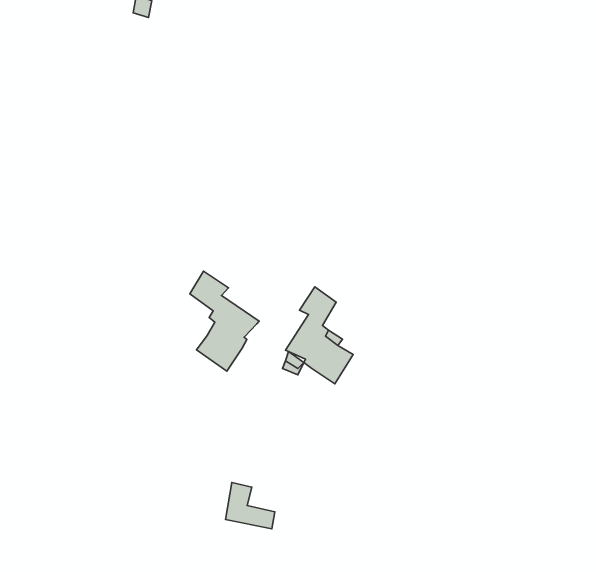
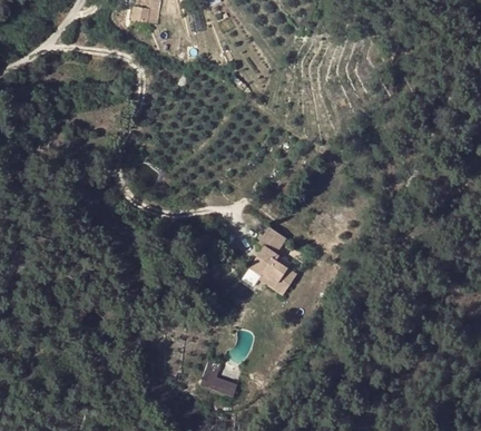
building: [190,271,259,371] -> none

